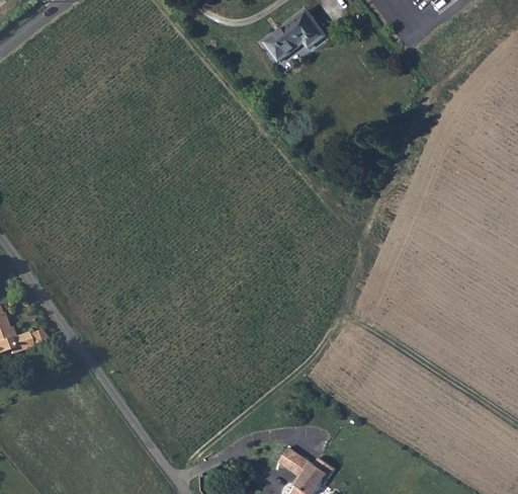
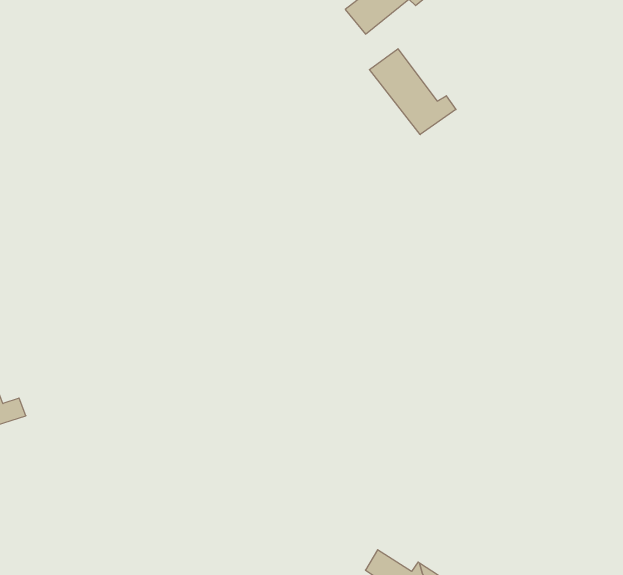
building: none -> [369,49,456,135]

